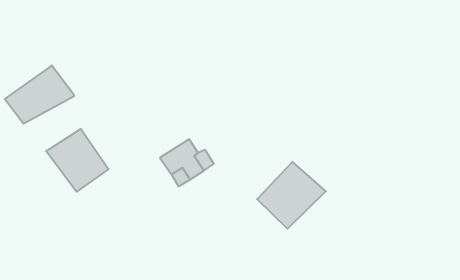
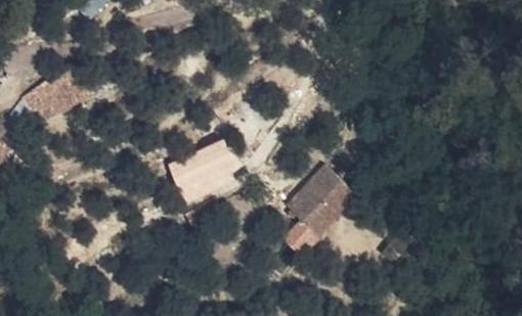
building: [46,129,109,192] -> none

